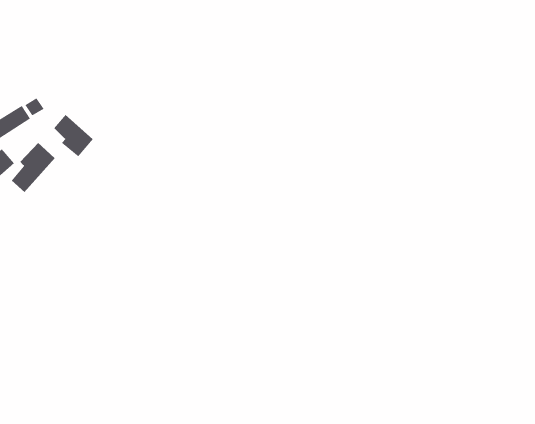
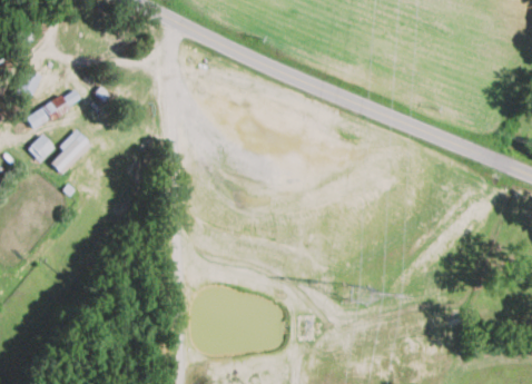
building: [53,114,94,157] -> none

